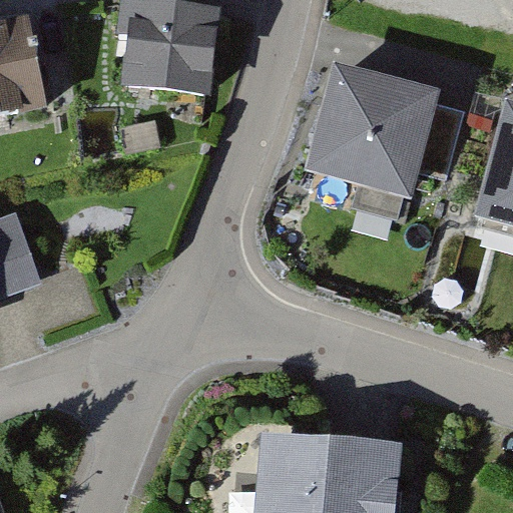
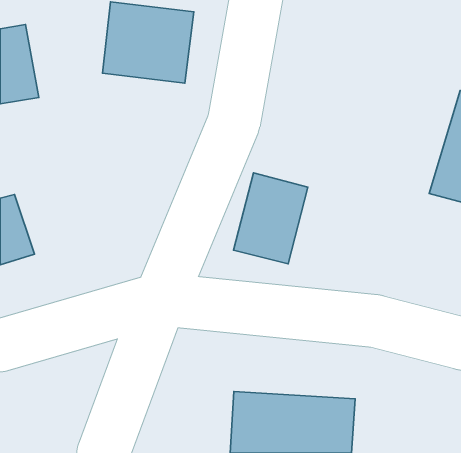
building: [316,68,436,185] -> none
building: none -> [233,173,308,264]

